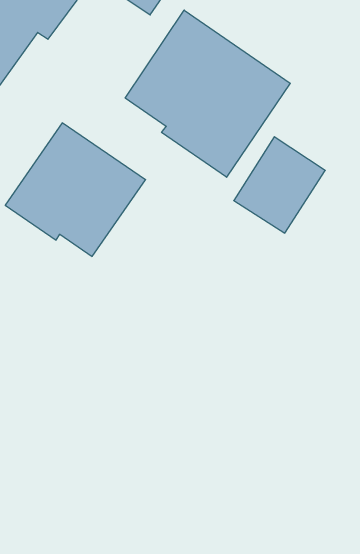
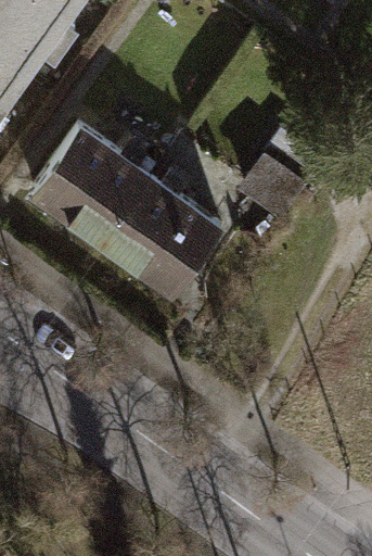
building: [125,10,290,177] -> none
building: none -> [103,175,231,308]

